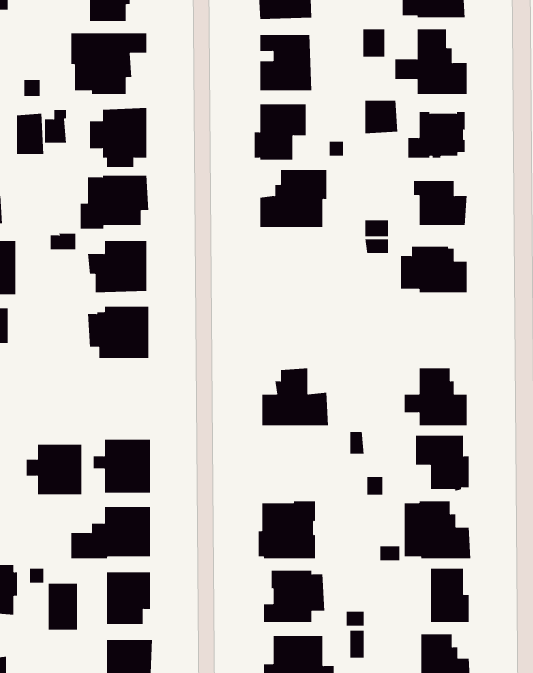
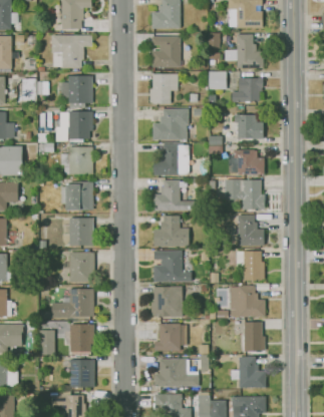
building: none -> [153,142,189,174]
building: none -> [152,179,194,211]
building: none -> [225,179,265,210]
building: none -> [153,251,192,282]
building: [26,444,82,495] -> [63,218,93,245]

